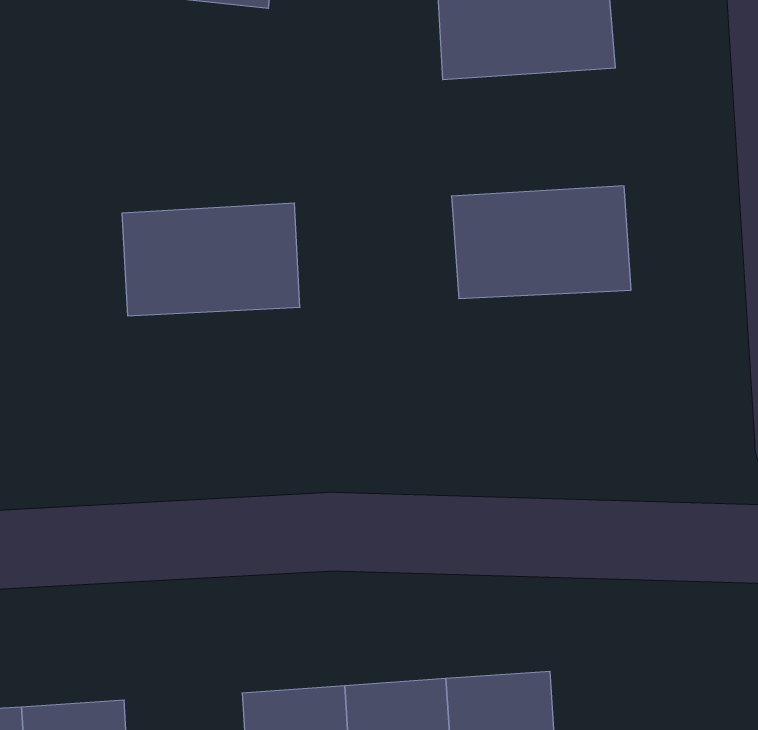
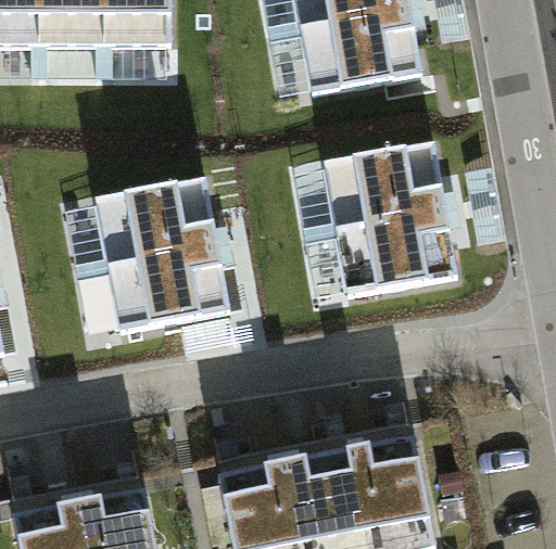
building: none -> [318,203,440,289]
building: none -> [108,241,229,327]

